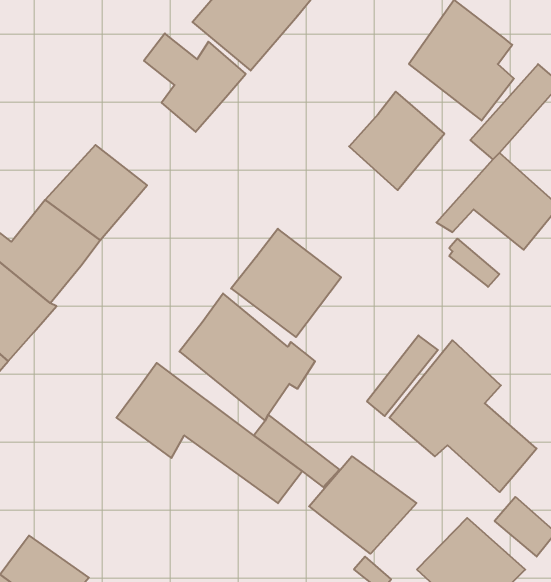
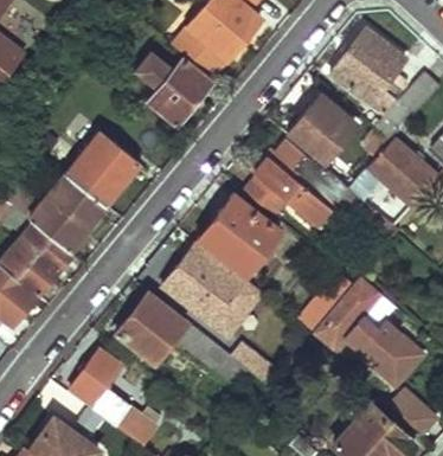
building: none -> [245,140,347,224]
building: none -> [72,348,150,443]
building: [309,456,416,554] -> none

